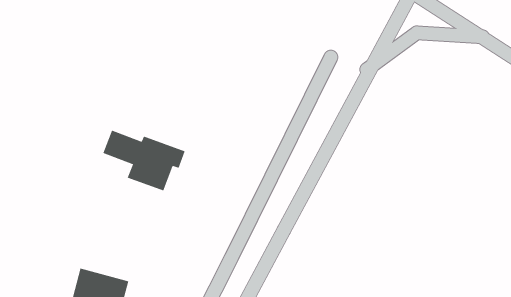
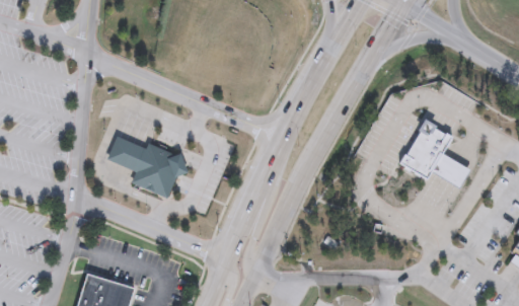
building: none -> [399,121,470,190]

